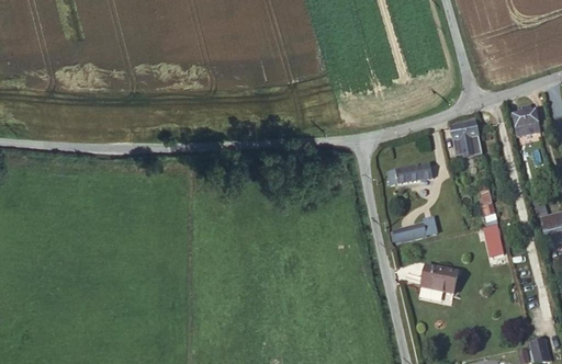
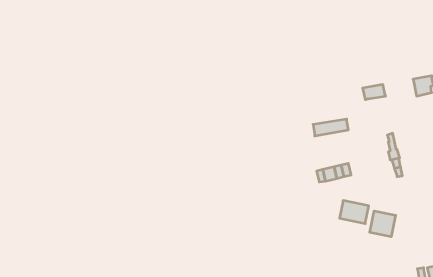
building: [456,137,483,158] -> none
building: none -> [370,211,396,237]

